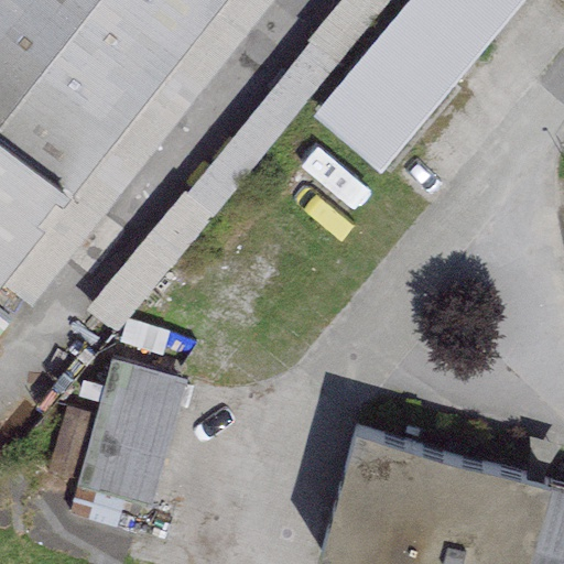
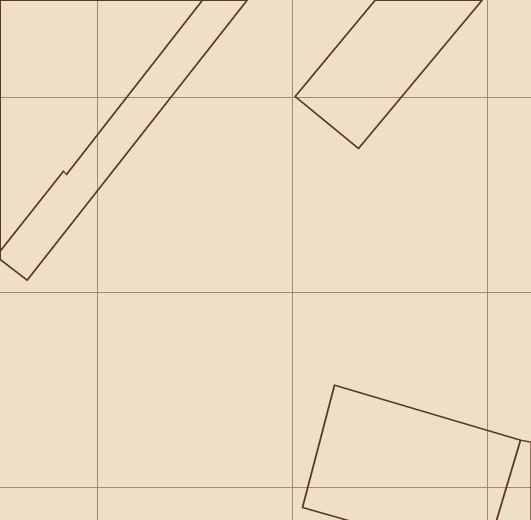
building: [76,362,184,509] -> none

